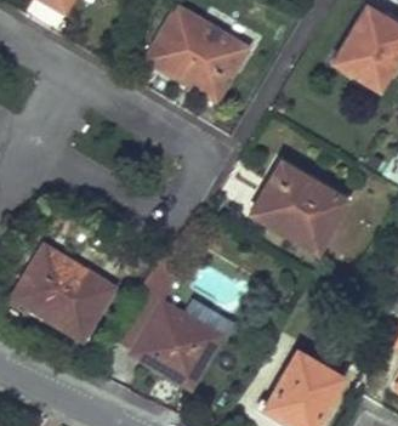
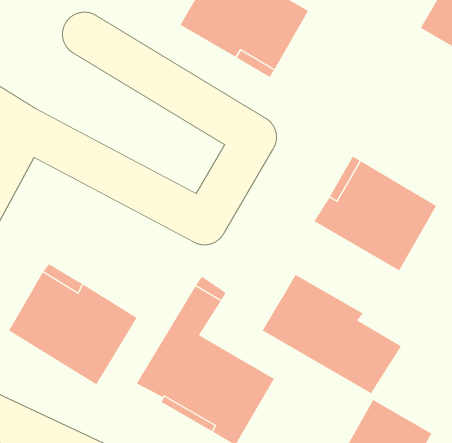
building: none -> [262,274,402,394]

